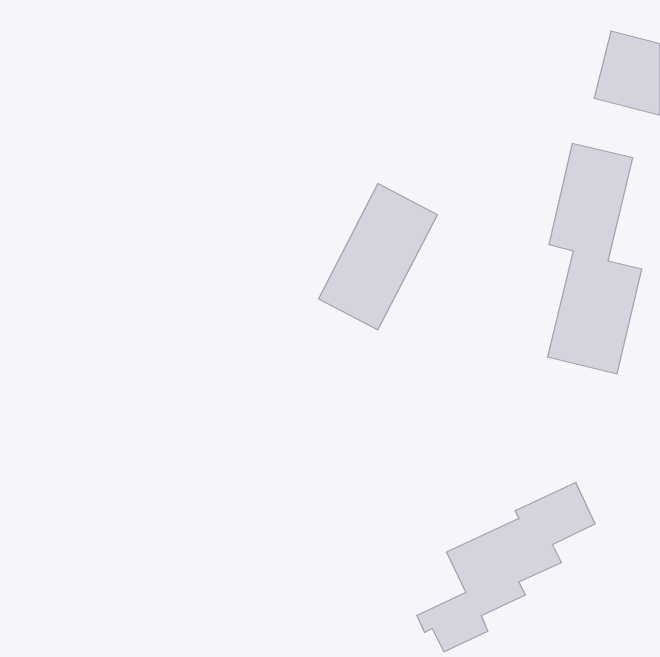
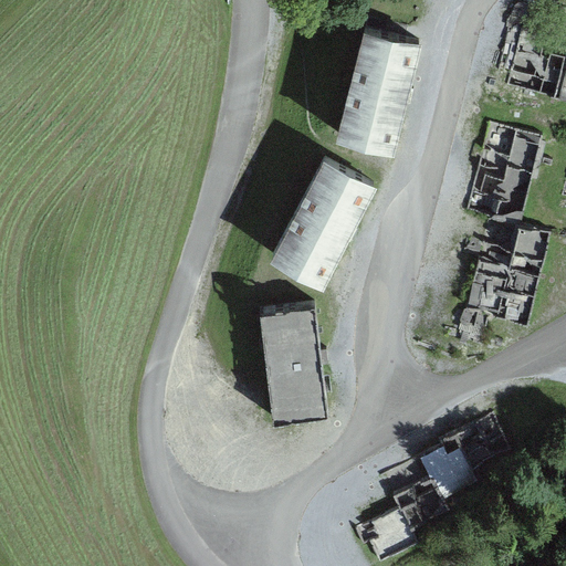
building: none -> [336,30,419,151]
building: none -> [260,306,327,419]

